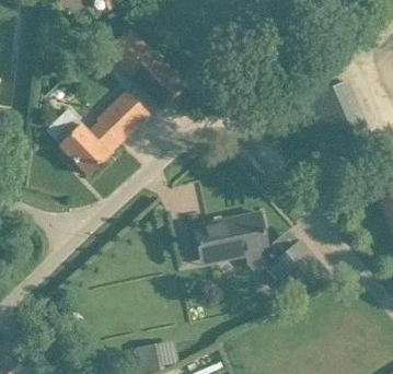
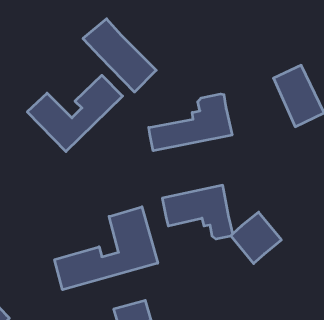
building: none -> [149,94,232,151]
building: none -> [55,207,158,290]

